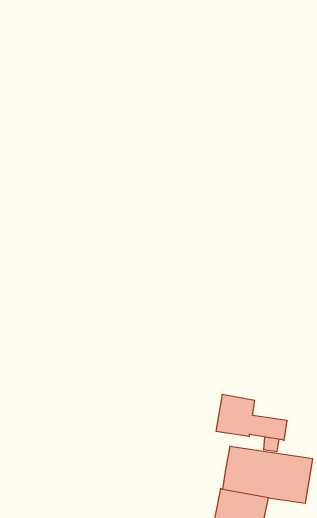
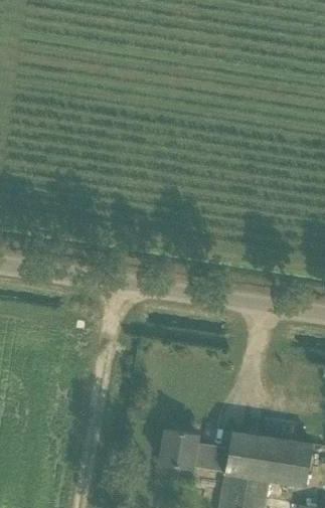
building: [216,394,287,441] -> [160,430,228,474]

